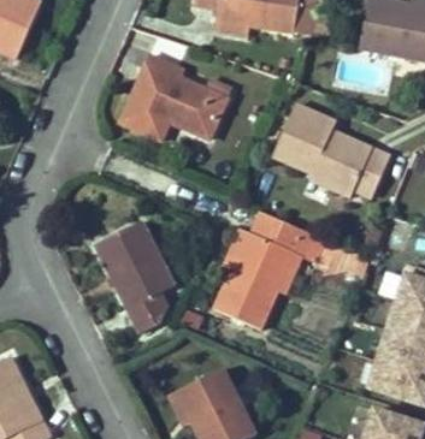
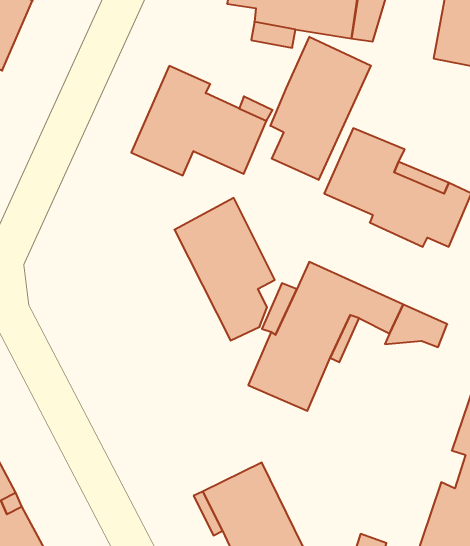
building: none -> [270,37,371,180]
building: [95,220,175,333] -> [174,198,275,341]

